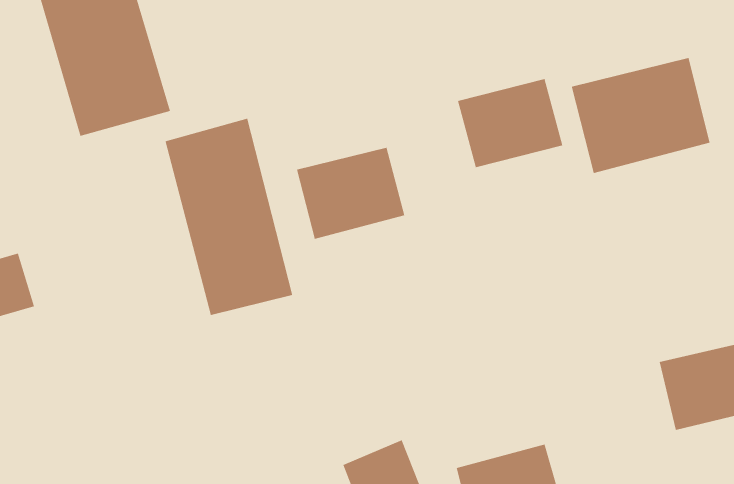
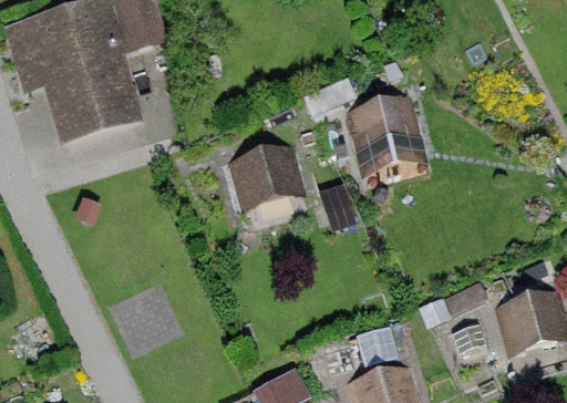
building: [571,57,710,174] -> none
building: [165,118,293,316] -> none

